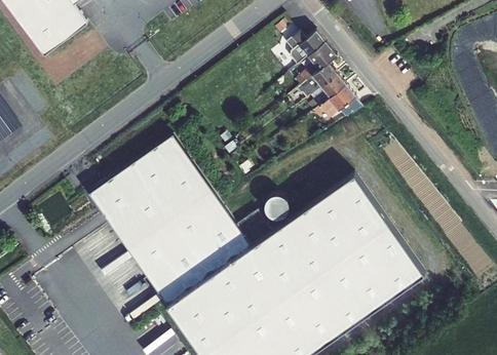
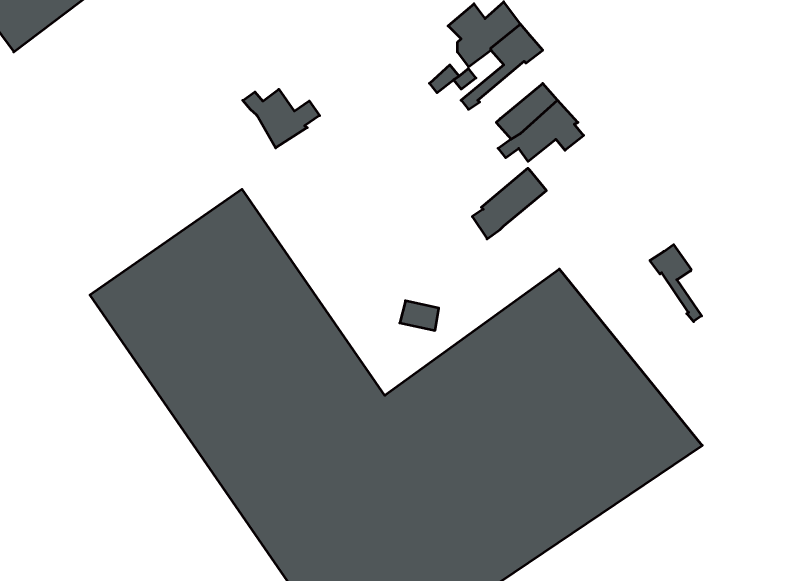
building: [297,63,338,102] -> [472,168,546,239]
building: none -> [243,89,320,148]
building: none -> [650,245,702,322]

